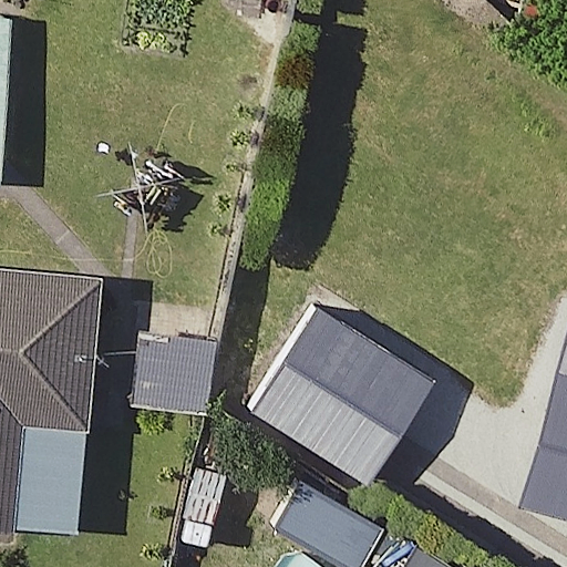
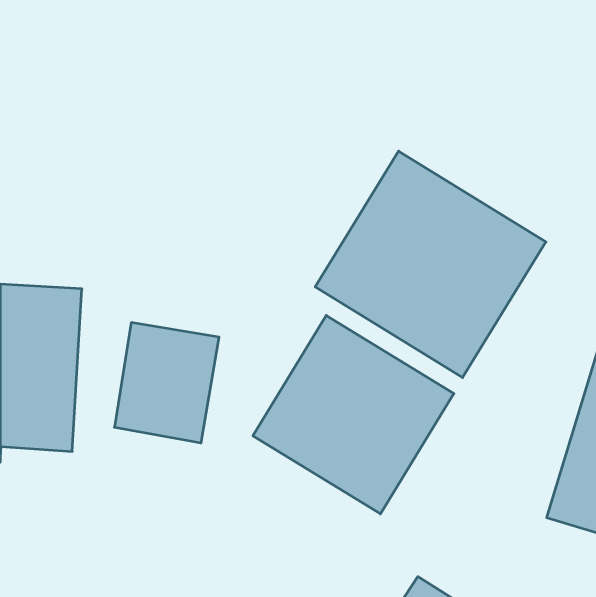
building: none -> [315,151,546,378]

